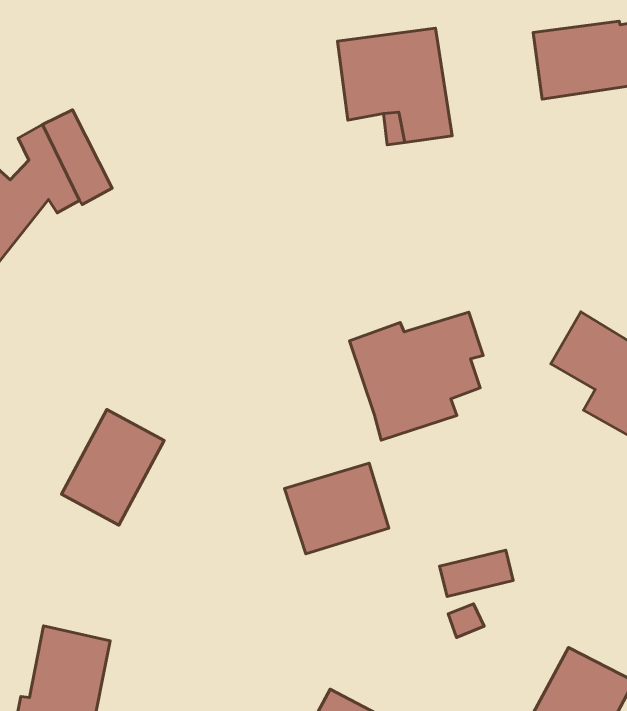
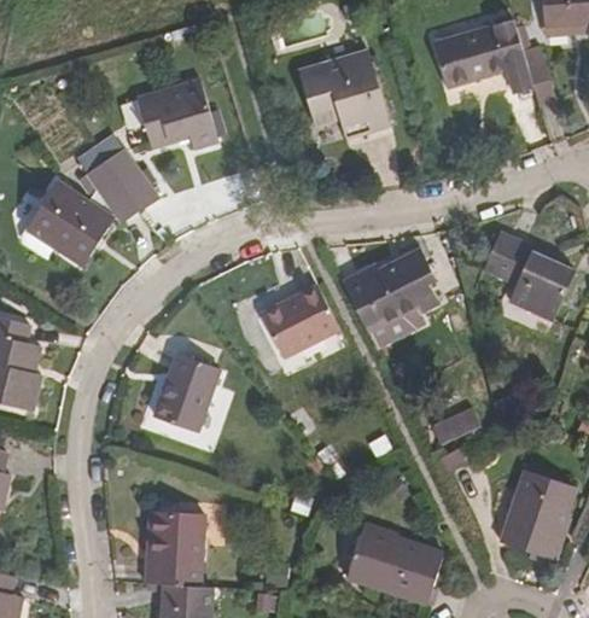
building: none -> [136,80,218,148]
building: [284,463,389,554] -> [262,285,339,355]

